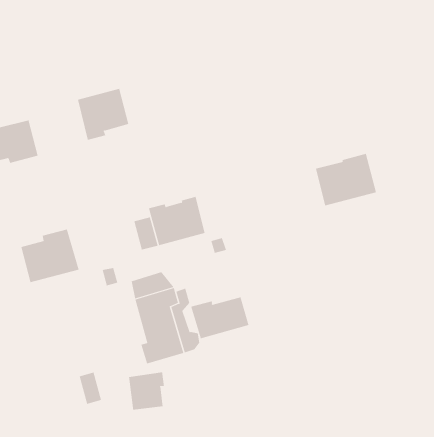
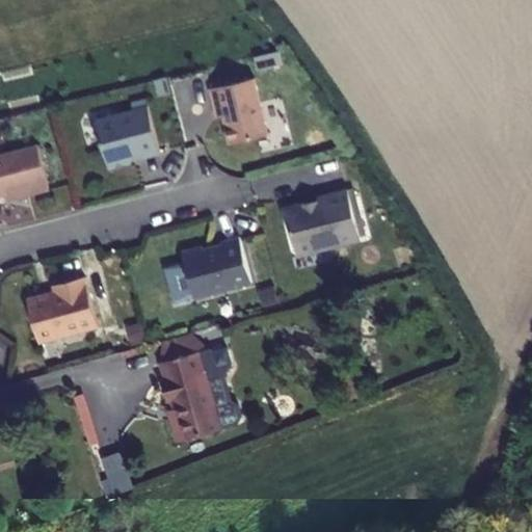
building: none -> [208,79,266,144]
building: [315,153,377,206] -> [282,191,356,256]
building: [191,296,249,339] -> none
building: [128,372,164,411] -> none

